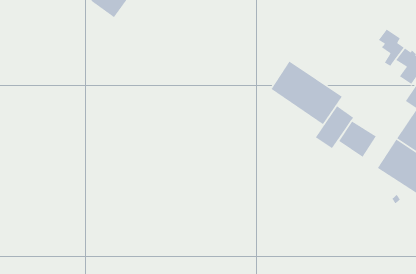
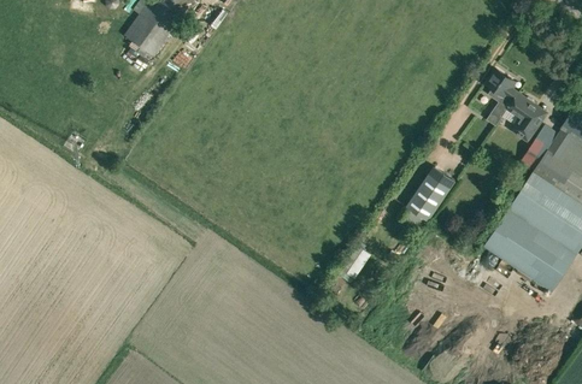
building: [270,61,343,125] -> none
building: [338,121,377,158] -> none

